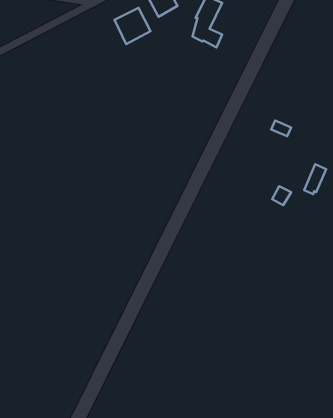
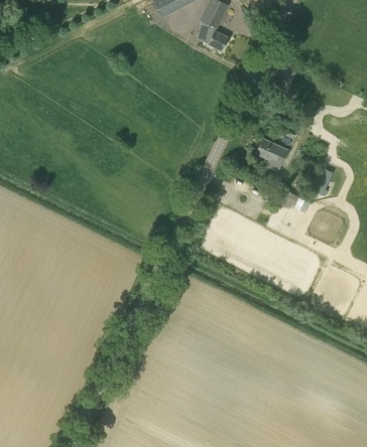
building: [114,8,151,44] -> none
building: none -> [257,138,289,171]

